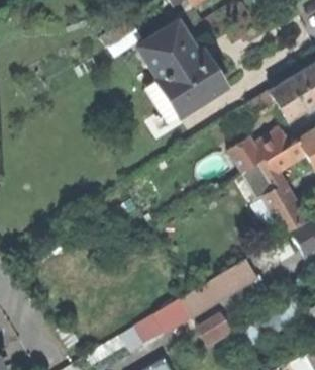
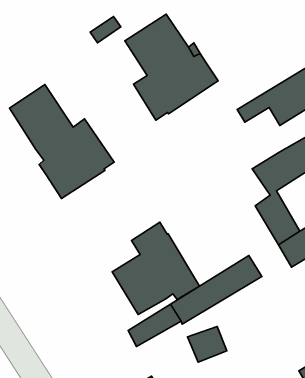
building: none -> [10,84,114,198]
building: [229,131,287,174] -> none
building: none -> [112,222,200,315]

